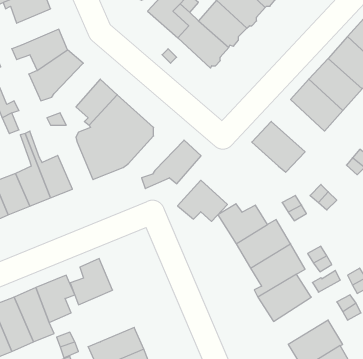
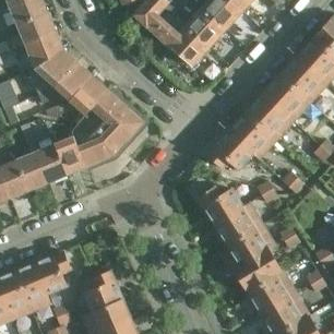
building: none -> [16,12,55,45]
building: none -> [246,94,294,141]
building: [142,140,201,189] -> [38,61,92,105]
building: none -> [53,132,85,175]
building: [178,180,227,221] -> [207,132,252,169]
building: [70,259,113,305] -> [84,271,122,312]
building: none -> [248,271,297,314]

